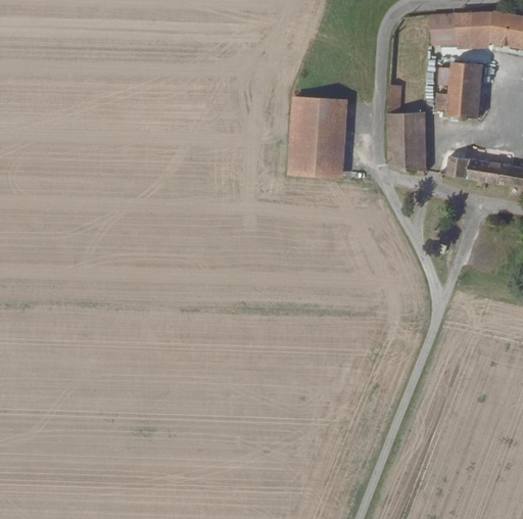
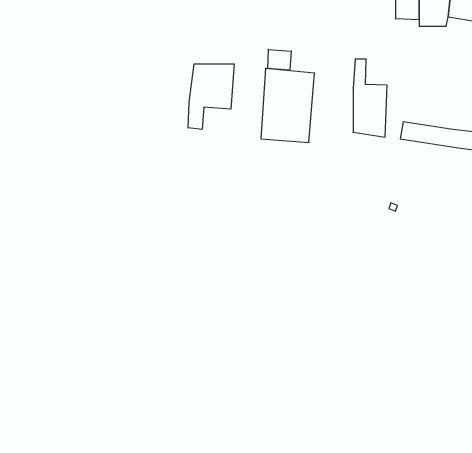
building: [436,62,486,116] -> none
building: none -> [268,49,291,70]
building: none -> [188,64,234,129]

